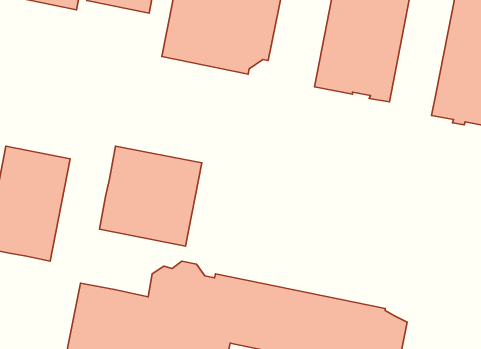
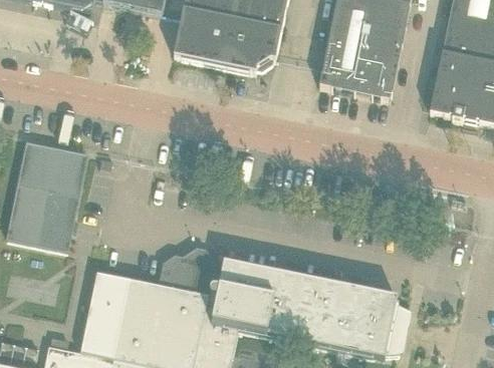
building: [99,146,202,246] -> none

